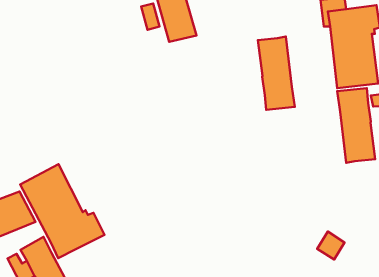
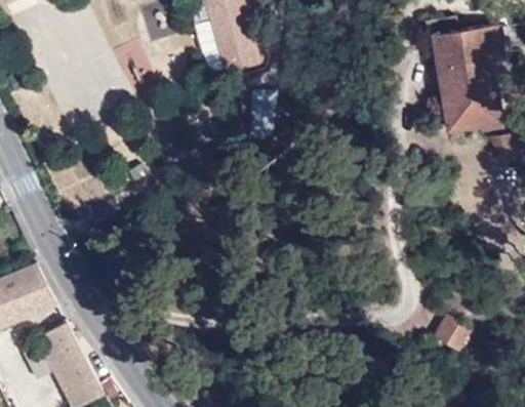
building: [258,37,295,110] -> none
building: [337,88,375,163] -> none
building: [20,164,104,258] -> none

